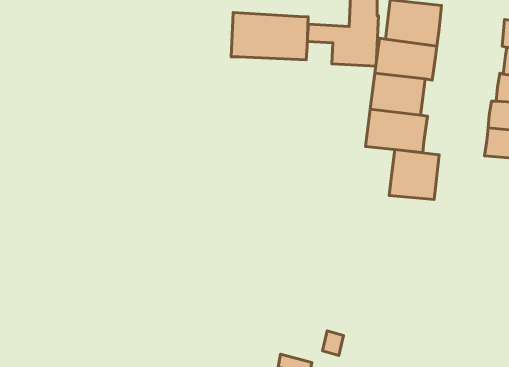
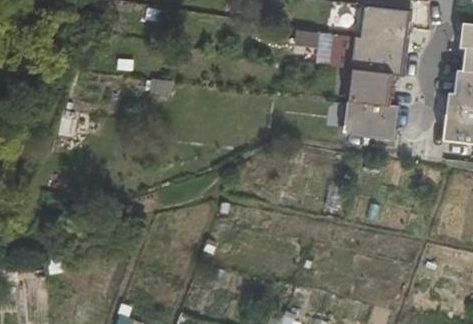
building: [231,12,308,60] -> none
building: [389,150,439,200] -> none

